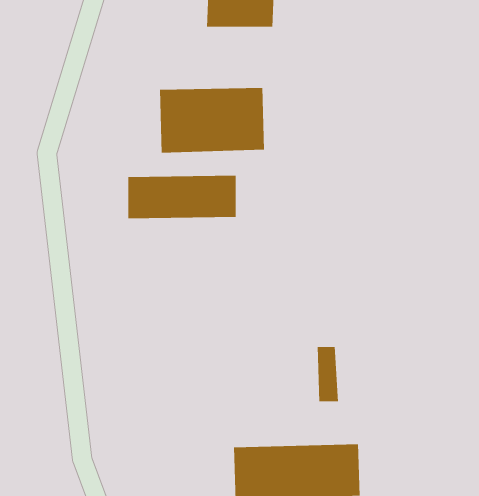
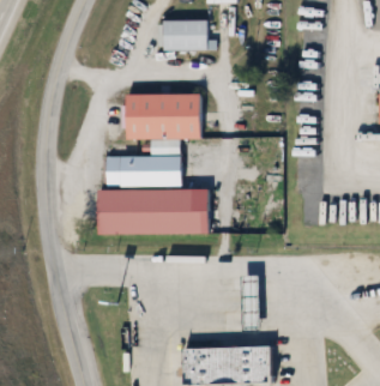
building: none -> [96,188,211,235]

